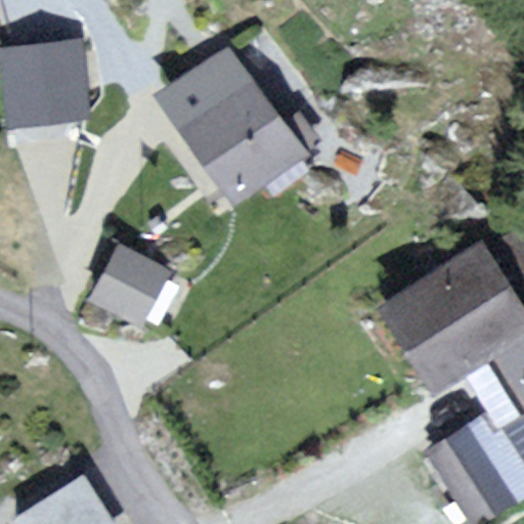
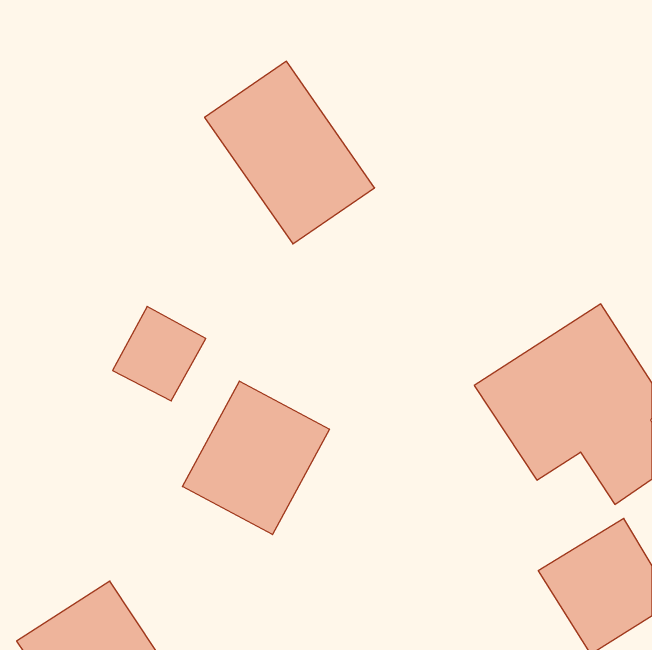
building: [10,45,85,121] -> none
building: none -> [182,381,329,535]

